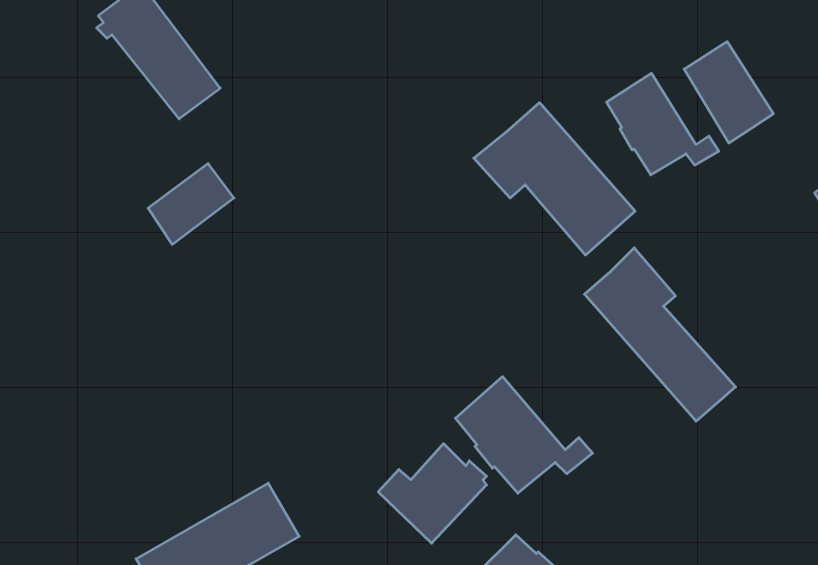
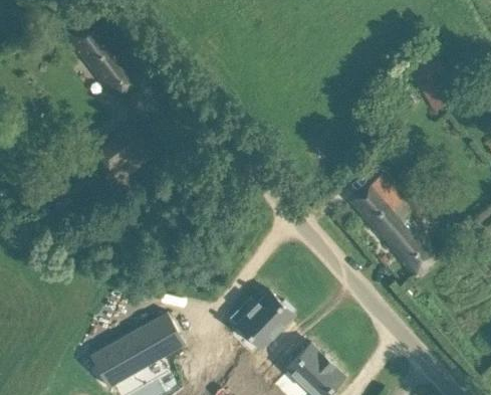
building: [607,73,719,175] -> none
building: [474,103,635,255] -> none
building: [455,377,593,493] -> none

